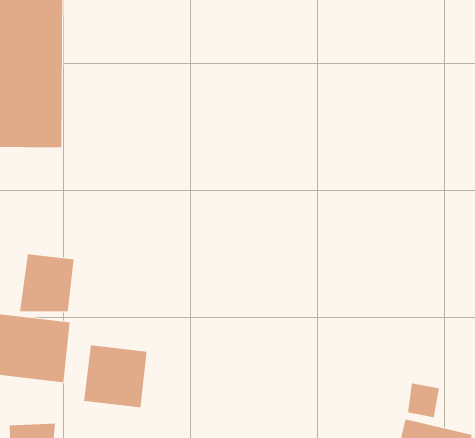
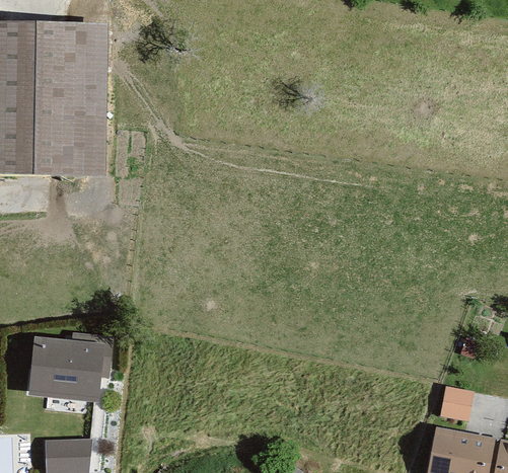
building: [20,253,74,312] -> none
building: [83,345,147,408] -> none

